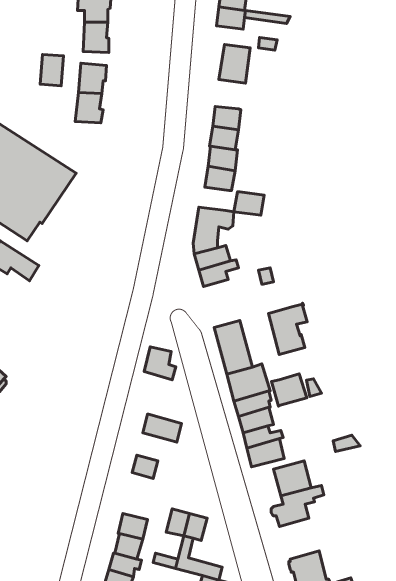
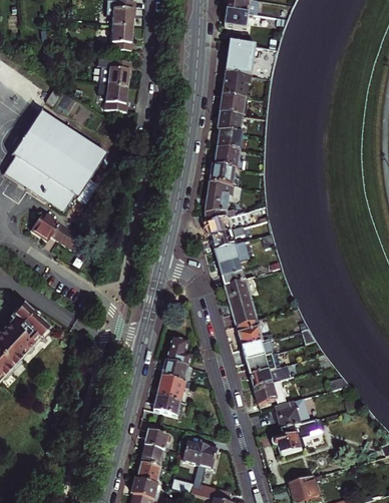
building: [40,54,64,86] -> none
building: none -> [225,72,251,97]
building: [234,192,264,215] -> [211,164,237,184]
building: [269,303,307,355] -> [215,240,248,285]
building: [144,347,176,380] -> [167,338,194,366]
building: [272,374,307,406] -> none
building: none -> [157,375,187,401]
building: none -> [145,428,171,449]

